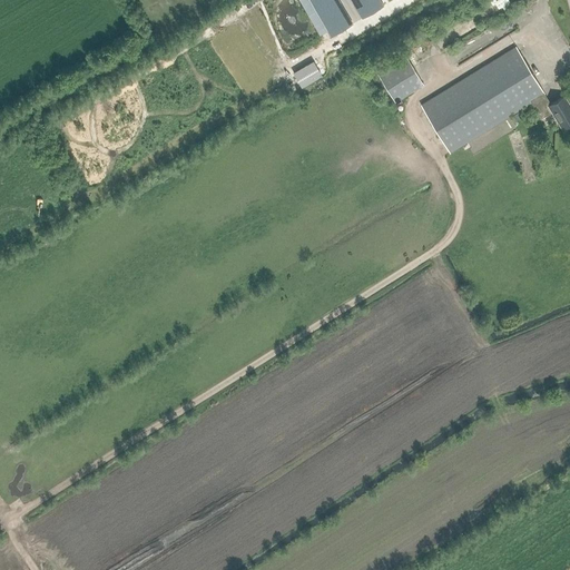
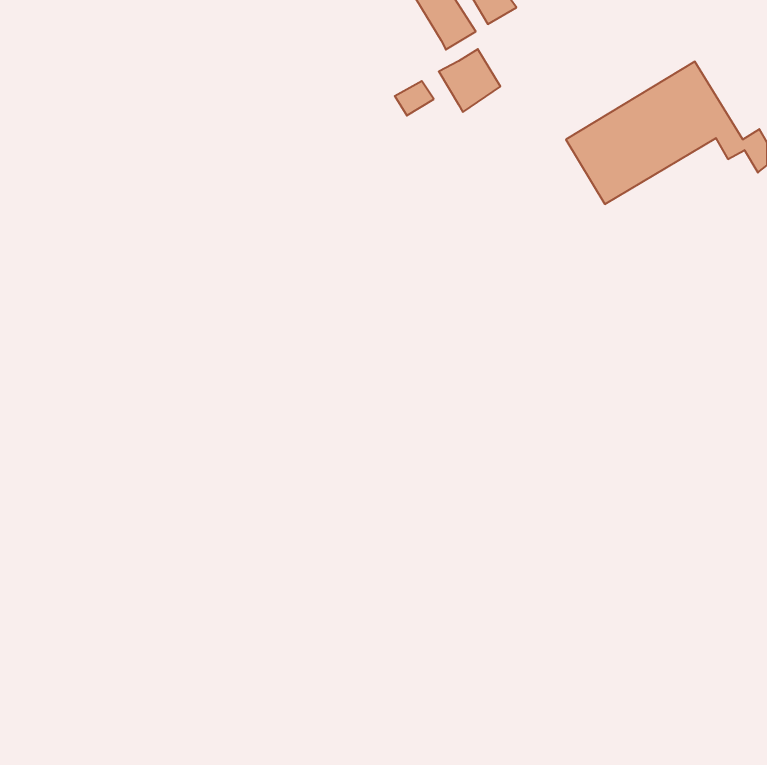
building: [377,56,423,102] -> [439,49,500,112]

